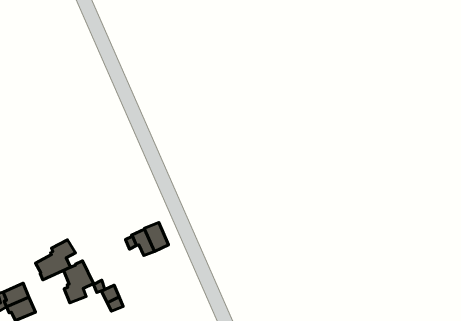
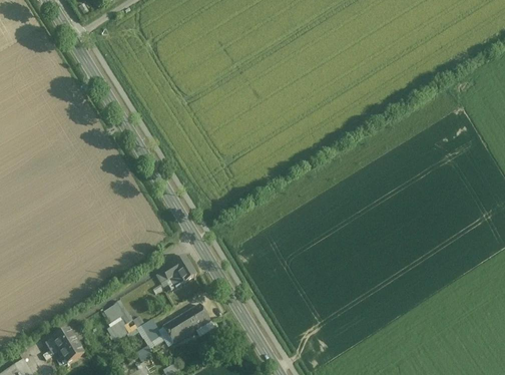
building: [35,240,75,280] -> none
building: none -> [162,304,209,343]

